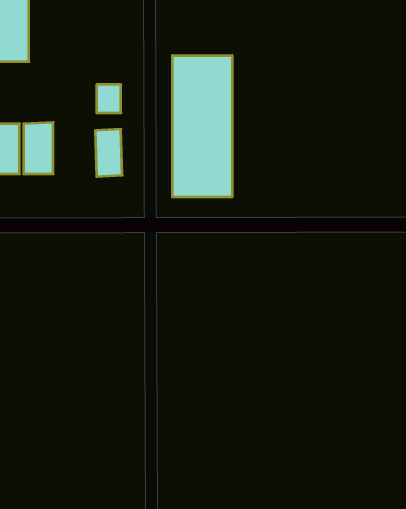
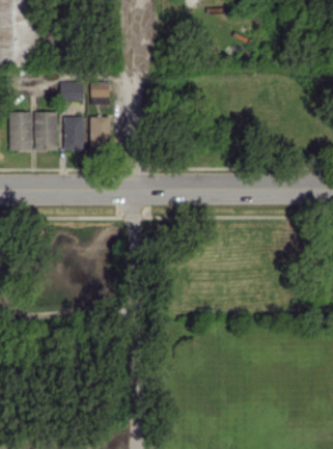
building: [172,55,232,197] -> none
building: none -> [61,82,83,101]
building: none -> [64,116,85,150]

